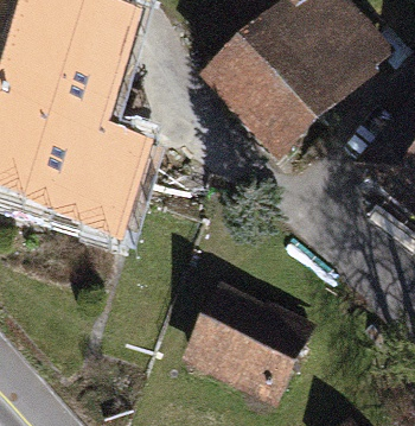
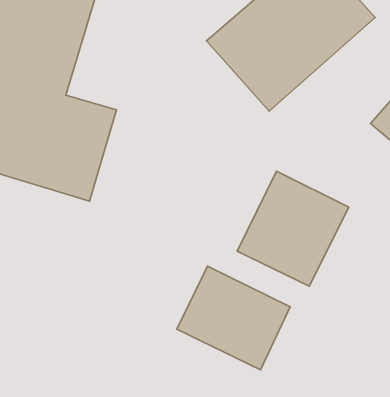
building: none -> [237,171,349,286]

